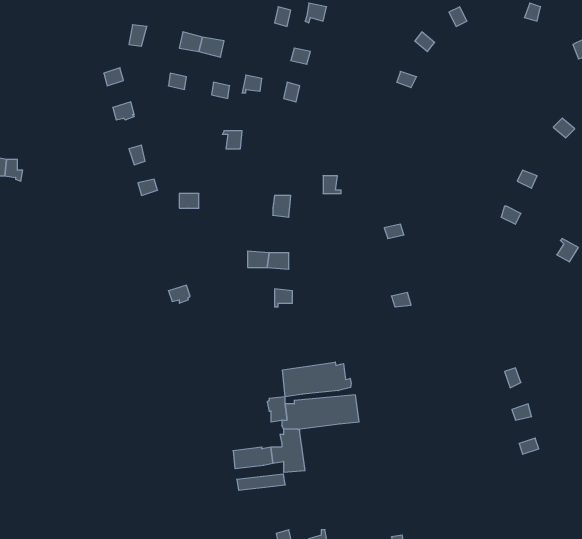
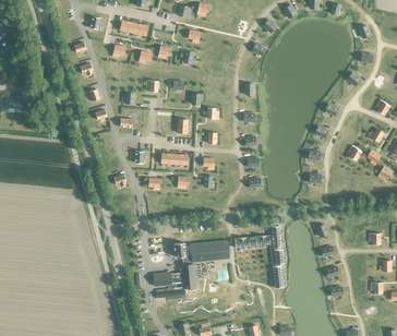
building: [283,362,351,397] -> none

